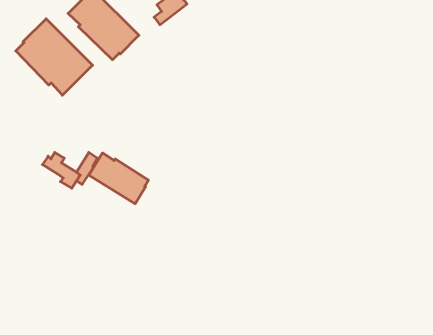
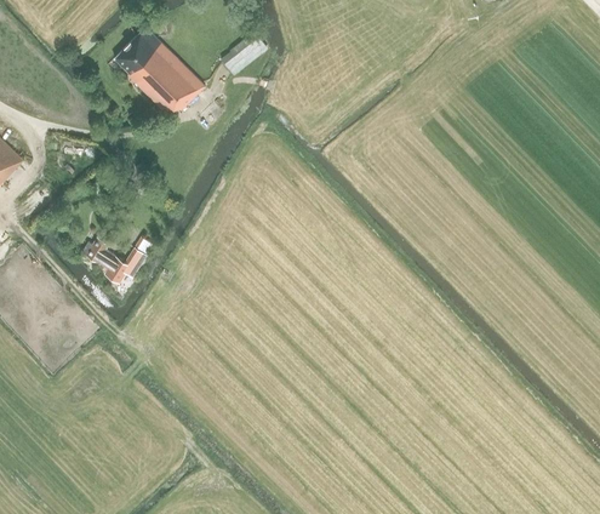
building: [16,19,93,95] -> none
building: [89,153,148,204] -> none

